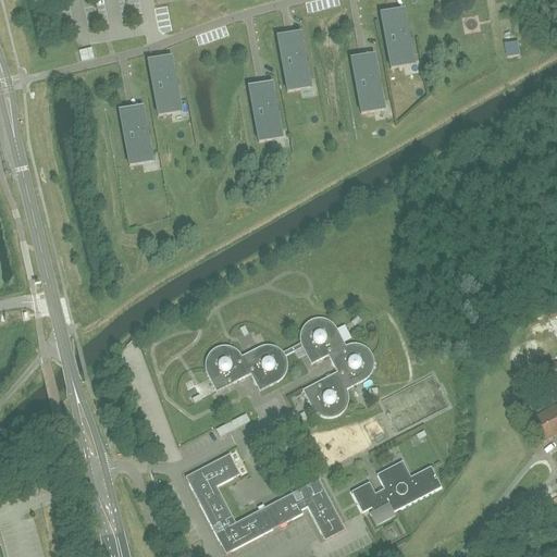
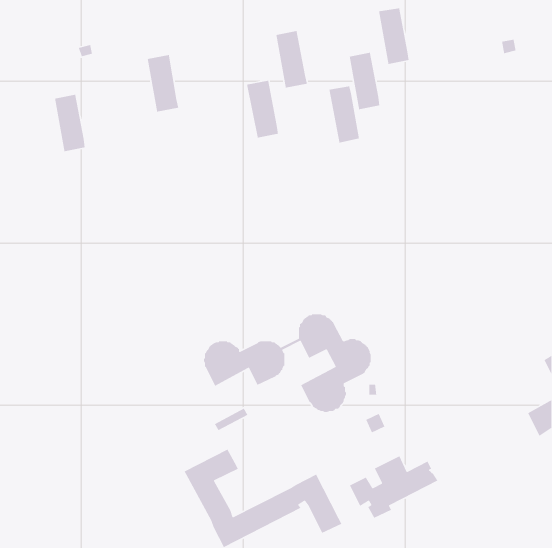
building: none -> [329,85,360,143]
building: [120,104,151,163] -> [54,94,85,152]

